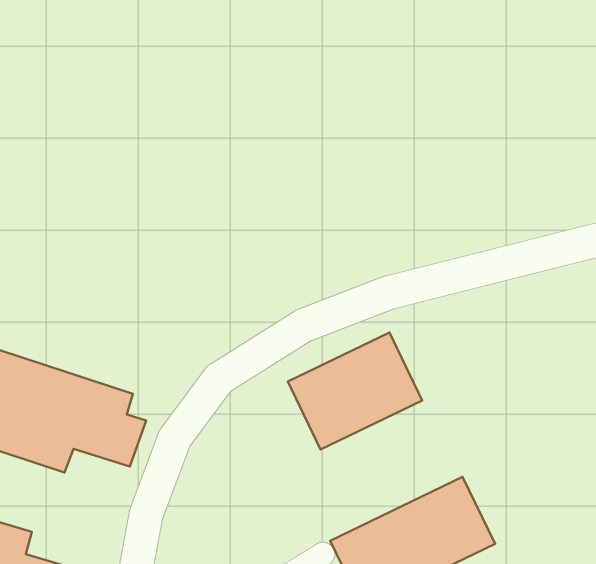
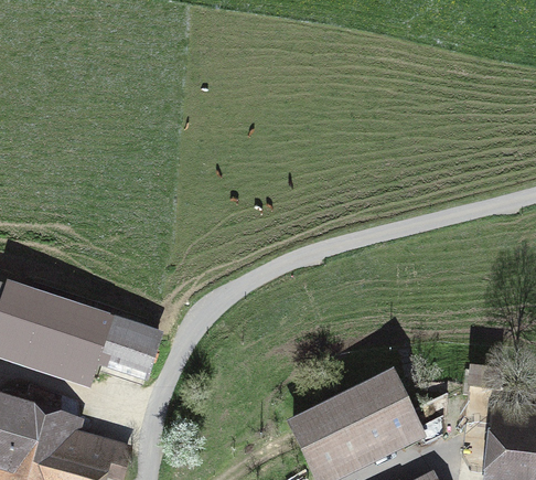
building: [288,332,422,450] -> none

